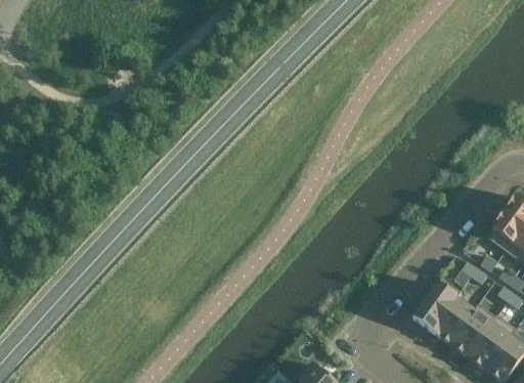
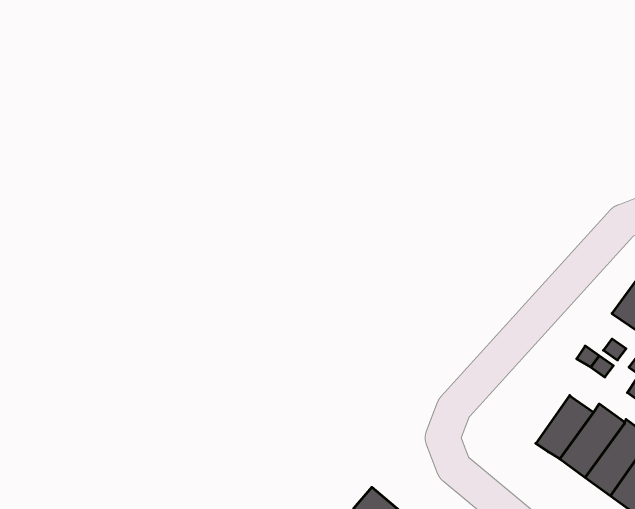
building: [412,278,461,332] -> none

